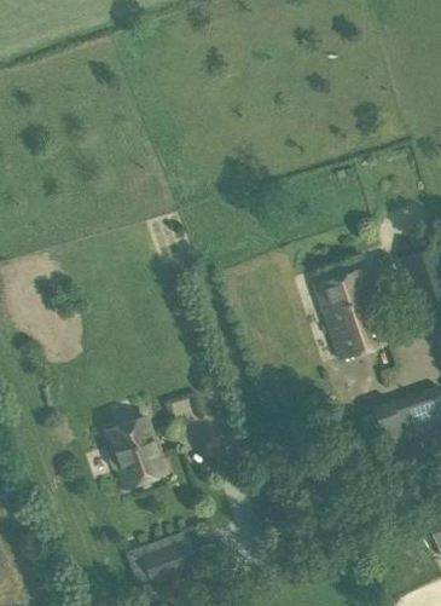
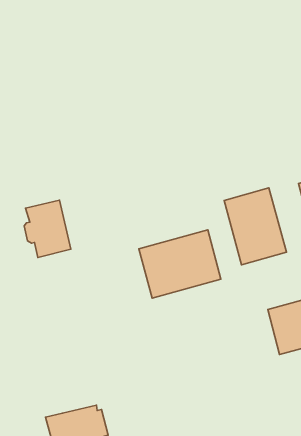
building: none -> [139,230,221,298]
building: [111,408,167,475] -> [24,200,71,257]

